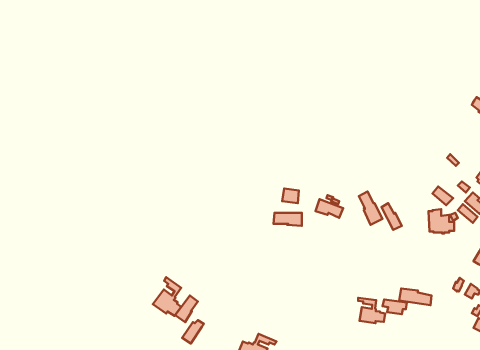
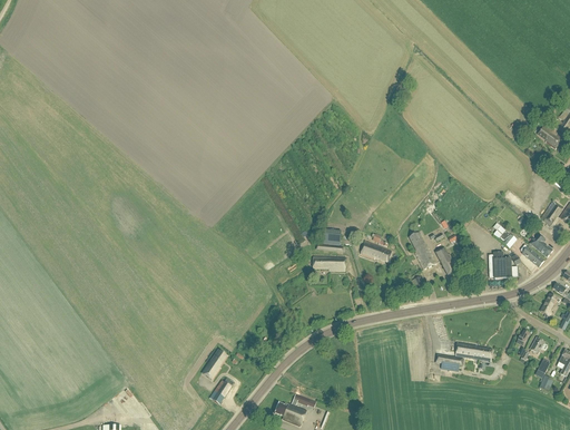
building: [153,277,181,316] -> none
building: [358,298,385,323] -> none

